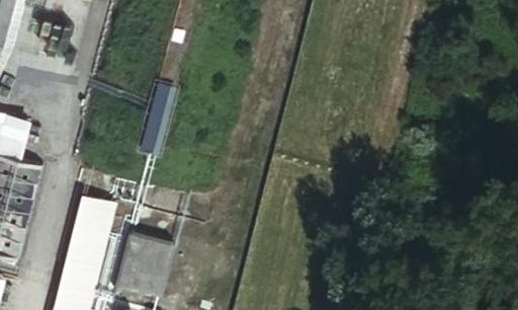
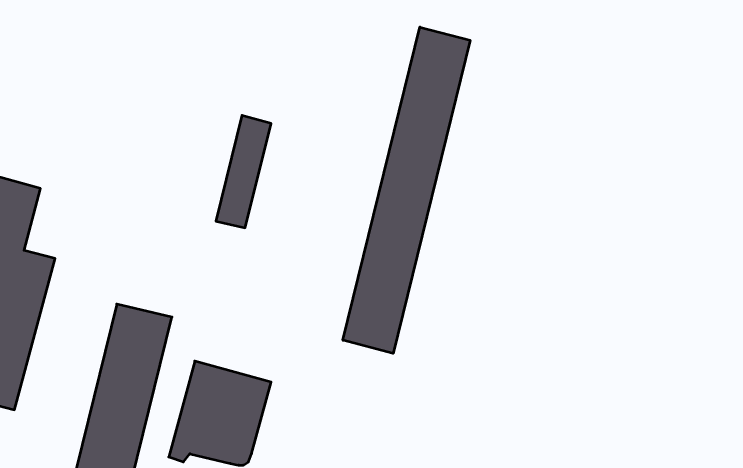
building: none -> [343,27,470,353]

